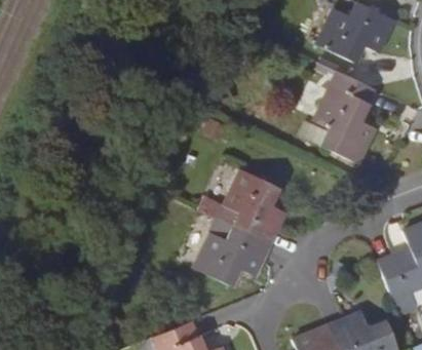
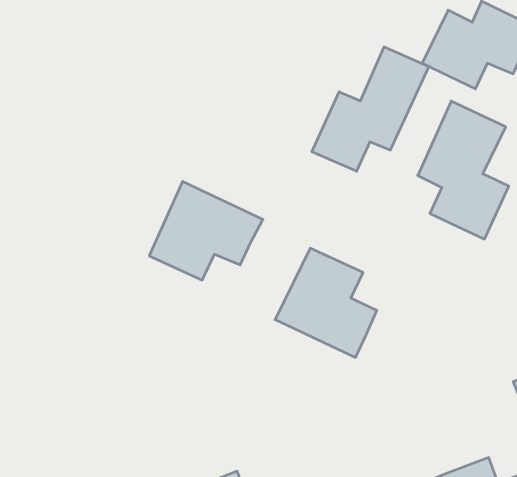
building: none -> [312,47,429,171]
building: [195,218,272,284] -> [149,181,263,280]

